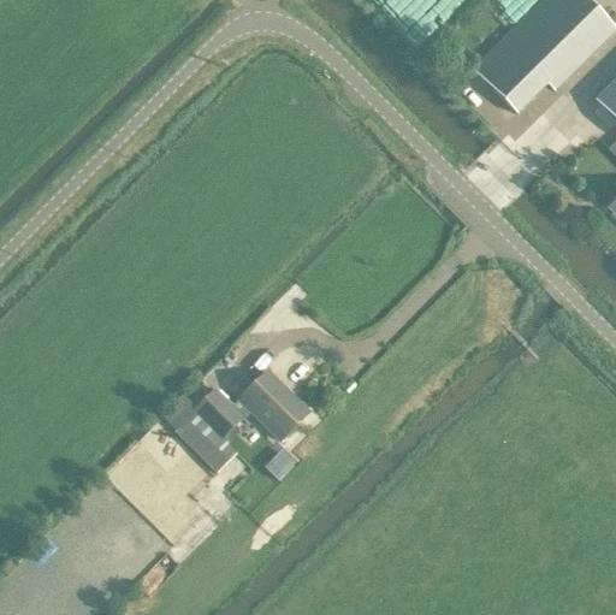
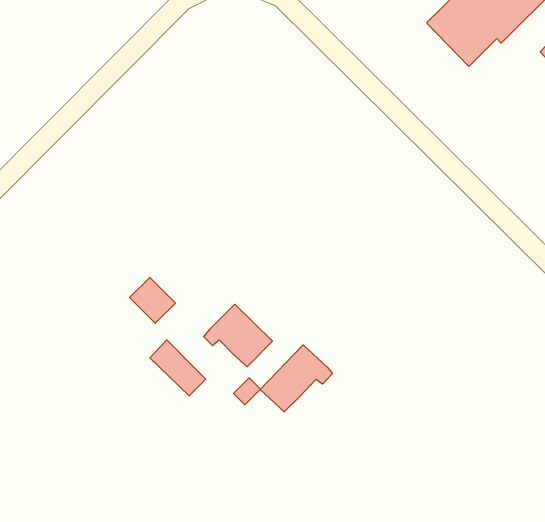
building: [194,386,243,436] -> [130,277,175,323]
building: none -> [260,345,333,412]

